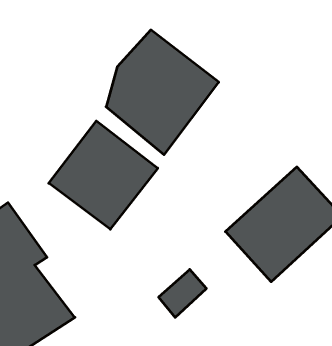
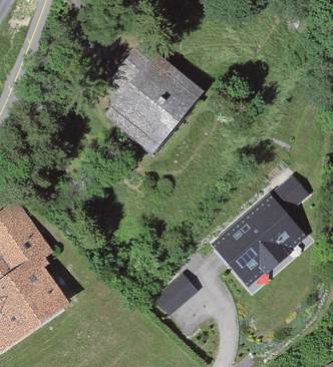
building: [49,121,158,229] -> none

